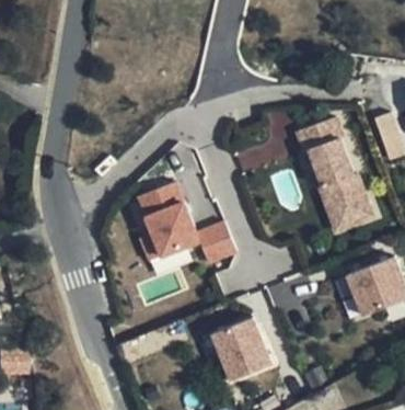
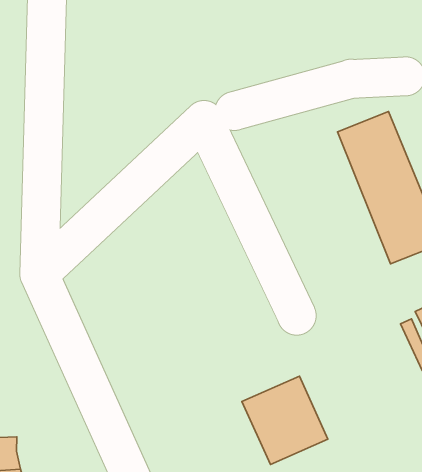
building: [132,181,234,265] -> none

